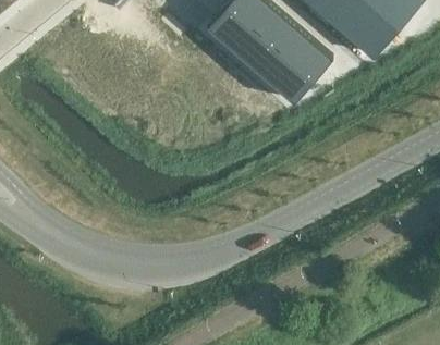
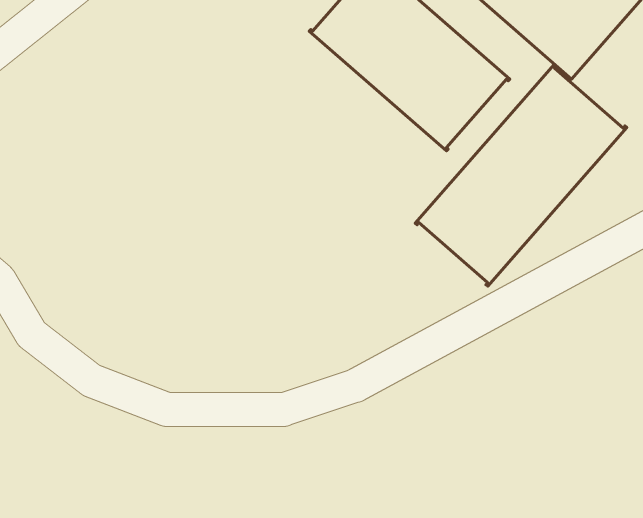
building: none -> [415,64,627,286]

